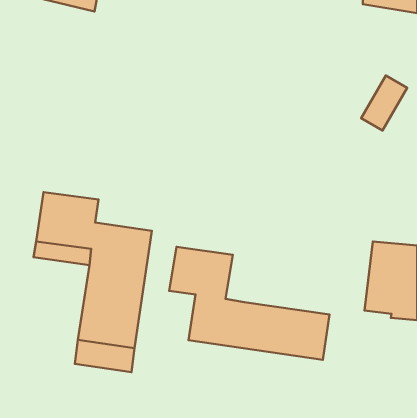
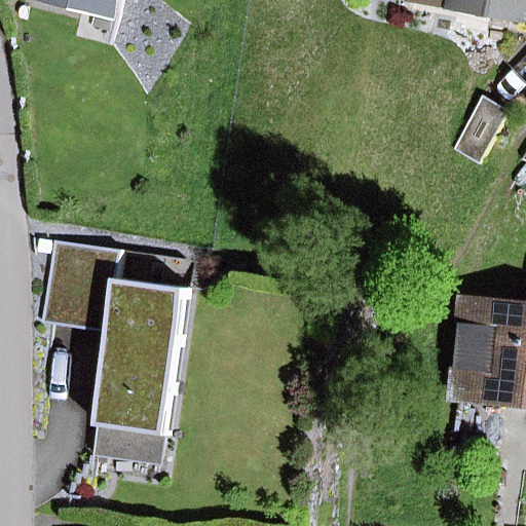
building: [169,247,330,360] -> none

